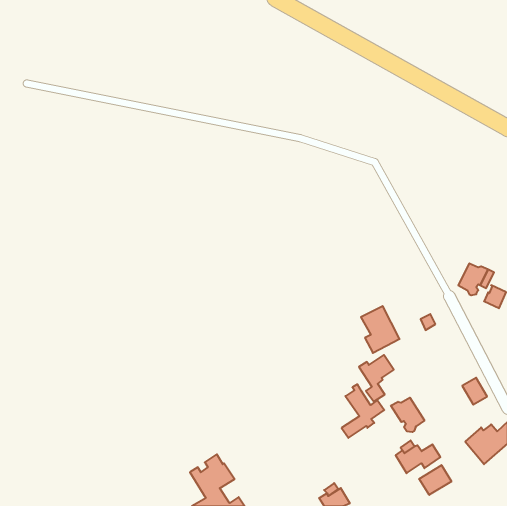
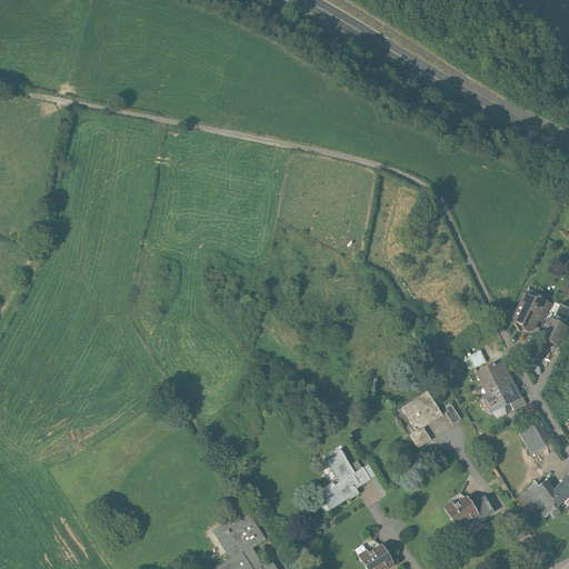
building: [361,306,400,353] -> [479,361,522,413]
building: [342,384,384,438] -> [322,450,370,510]
building: [391,398,424,432] -> none
building: [419,465,451,495] -> none

